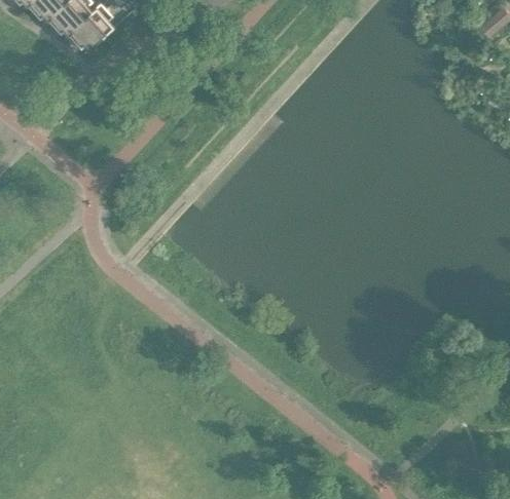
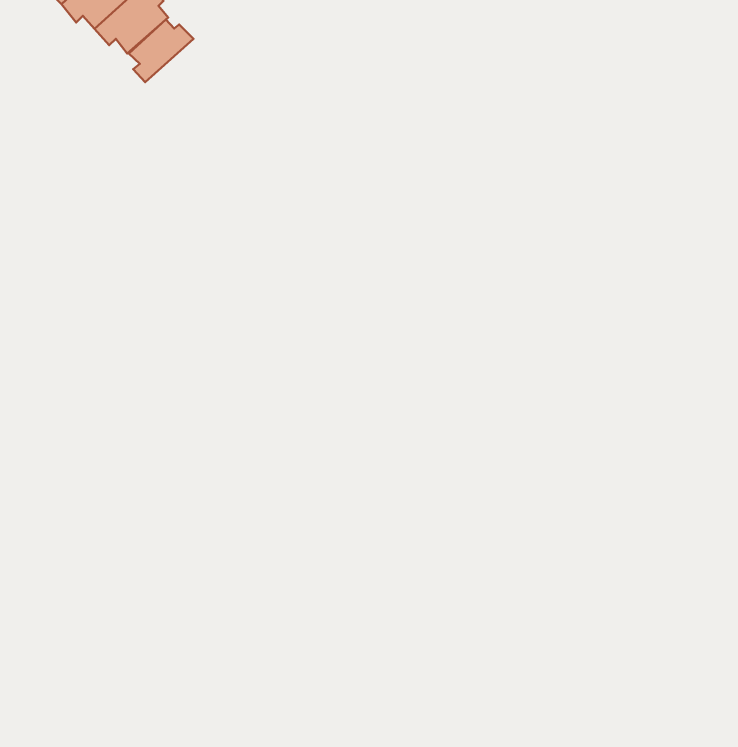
building: none -> [129,20,193,82]

